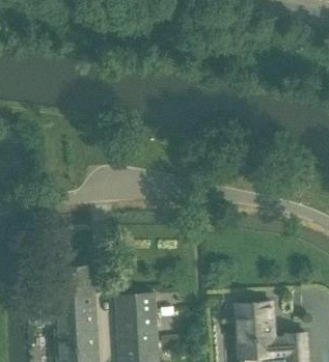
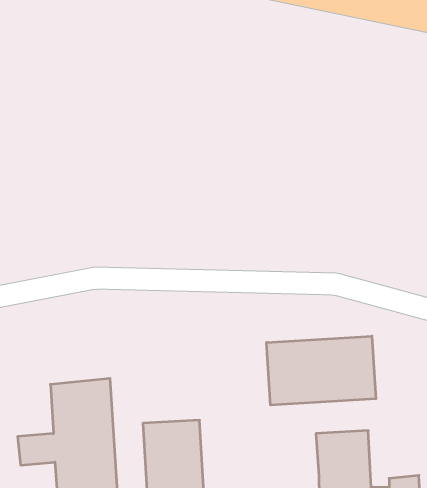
building: none -> [267,336,376,405]

